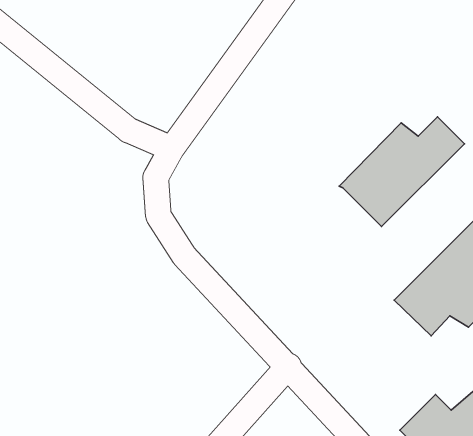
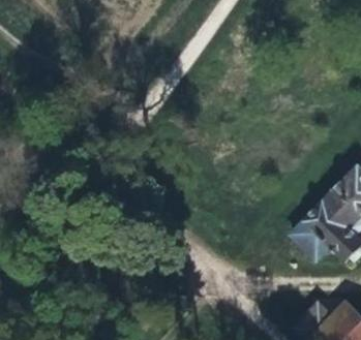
building: [339,117,464,227] -> none

